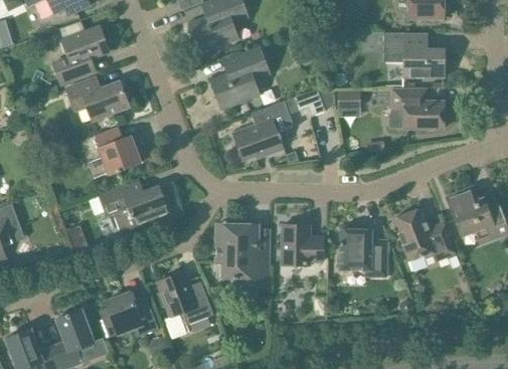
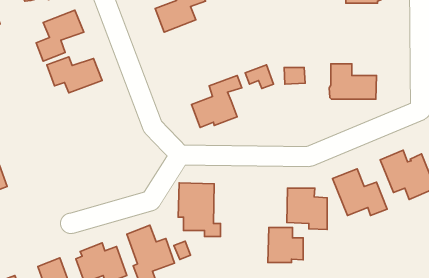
building: [382,32,444,77] -> none
building: [211,47,269,108] -> none
building: [79,126,149,174] -> none
building: [99,182,169,233] -> none
building: [282,224,322,264] -> [268,227,303,263]

